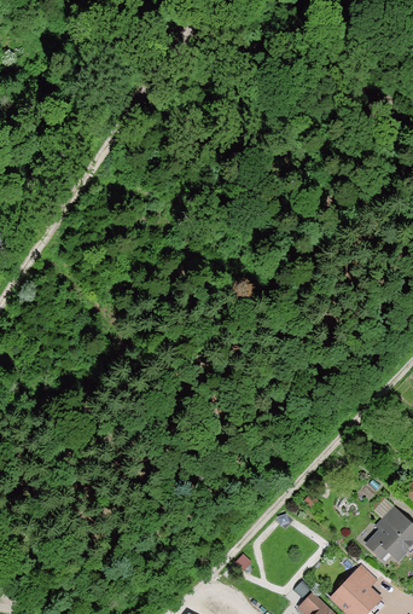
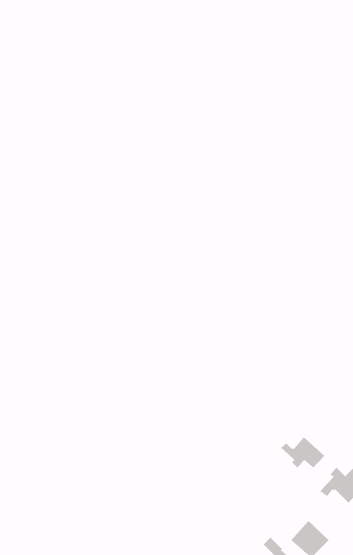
building: none -> [280,436,325,469]

